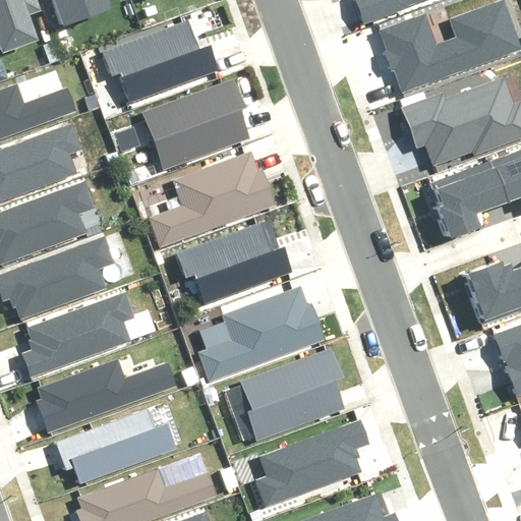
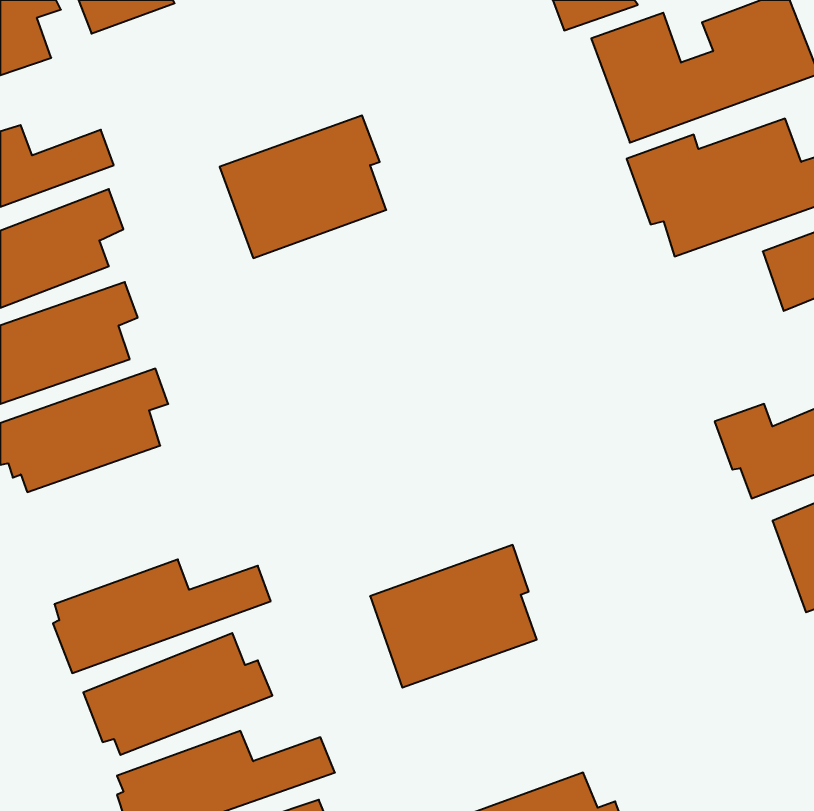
building: [103,21,216,99] -> none
building: [148,152,274,247] -> none
building: [429,165,501,239] -> none
building: [175,225,287,303] -> none
building: [199,285,326,381] -> none
building: [20,290,136,374] -> none
building: [253,421,365,508] -> none

